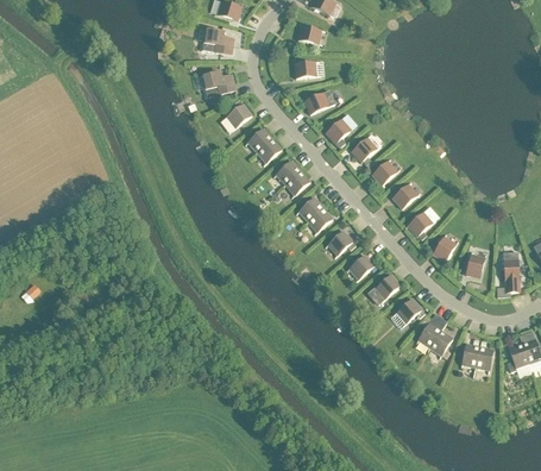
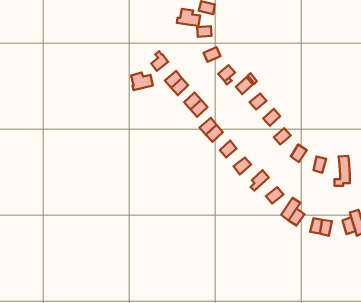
building: [199,29,233,54] -> [177,9,200,26]
building: [202,70,234,96] -> [131,72,153,90]

